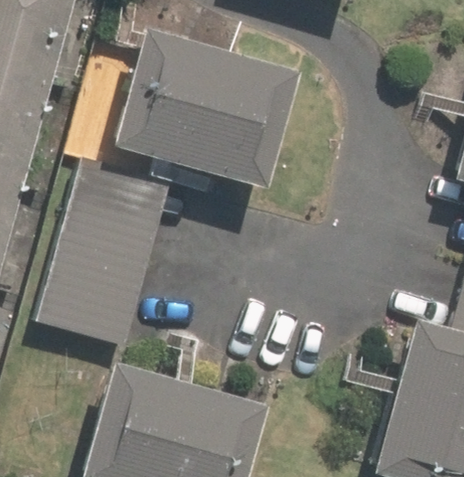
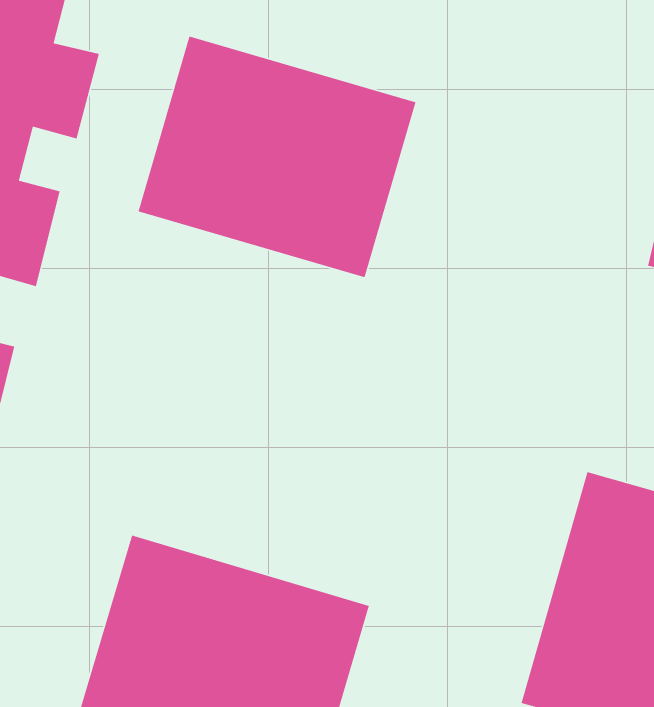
building: [31,164,170,354] -> none

